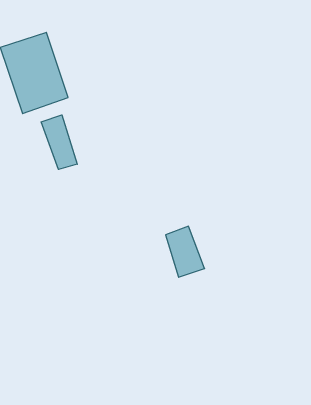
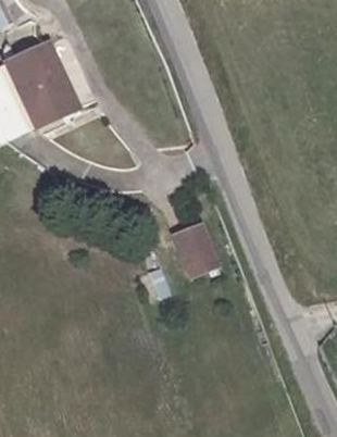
building: [41,115,77,169] -> none

